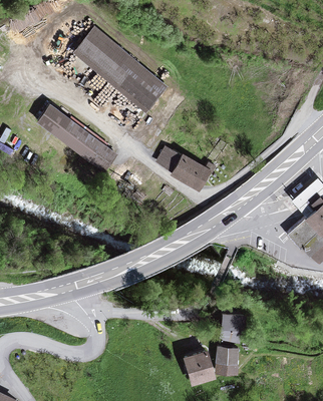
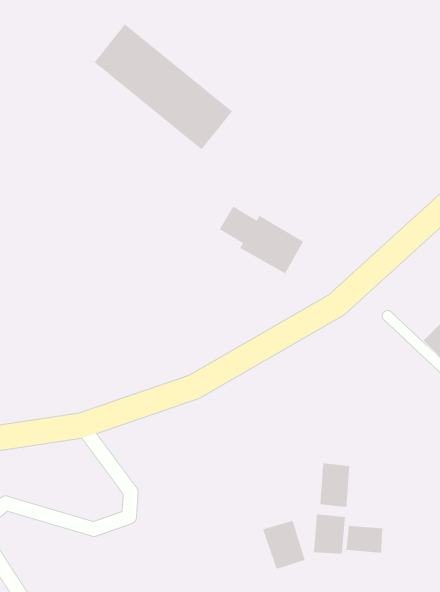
building: [37,103,115,171] -> none
building: none -> [346,525,383,553]

